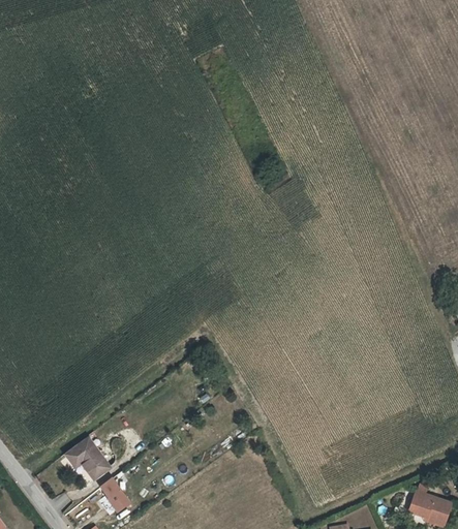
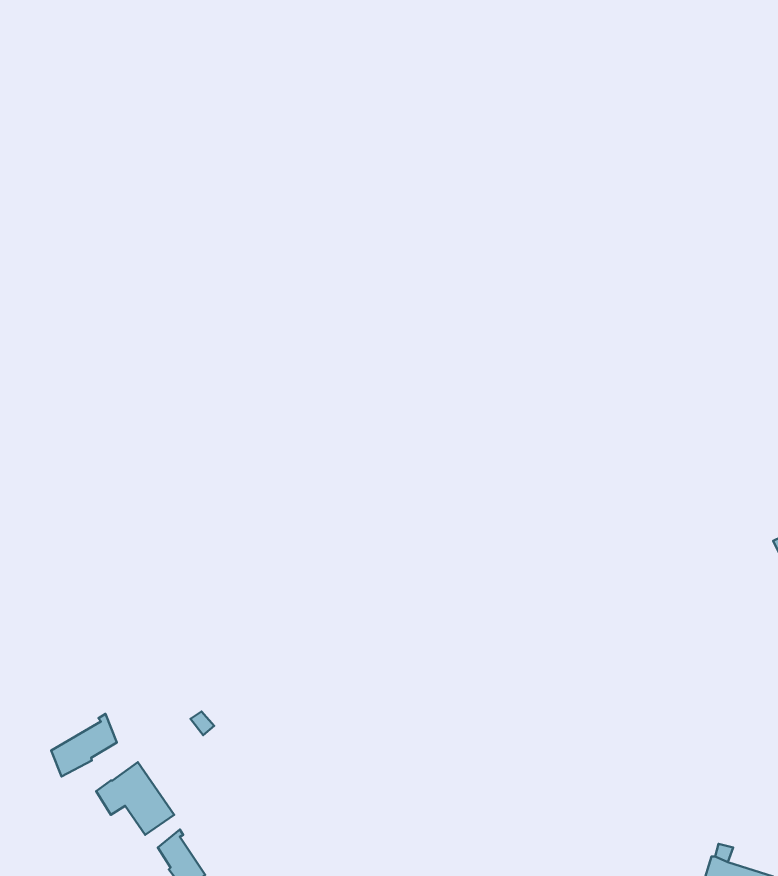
building: none -> [51,714,117,776]

